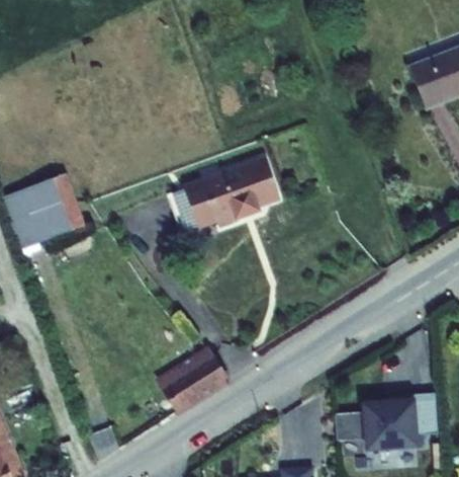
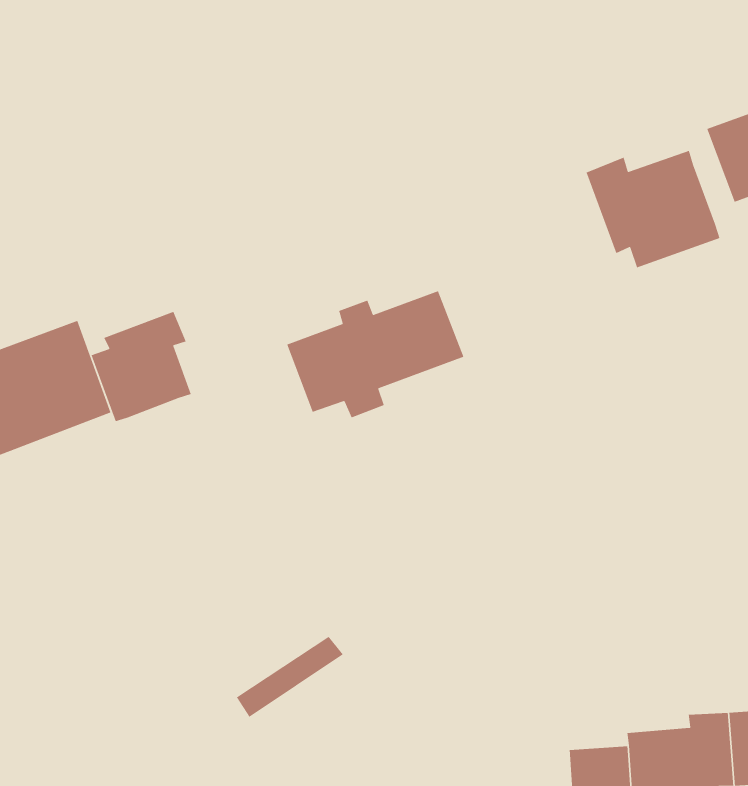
building: none -> [586,150,720,268]
building: none -> [91,311,192,422]
building: [161,359,226,414] -> none

